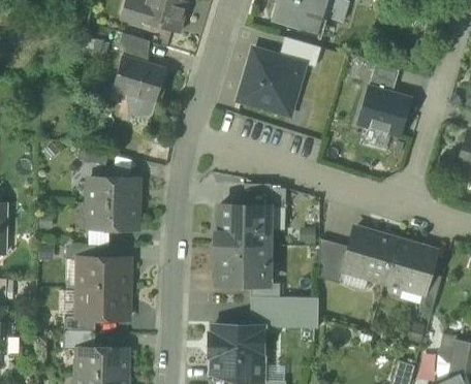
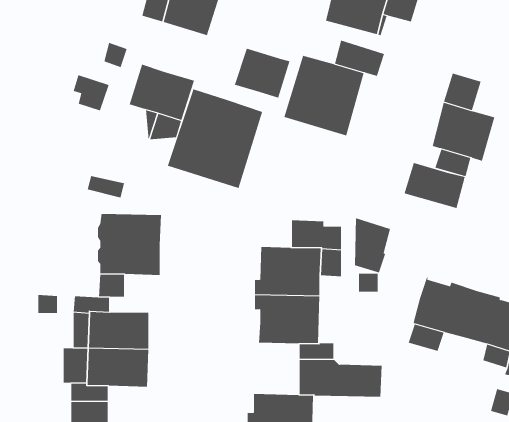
building: [119,32,149,62] -> [73,75,110,111]
building: none -> [234,48,290,99]
building: none -> [167,88,263,189]
building: none -> [404,162,465,209]
building: [319,237,349,283] -> [354,217,391,273]

